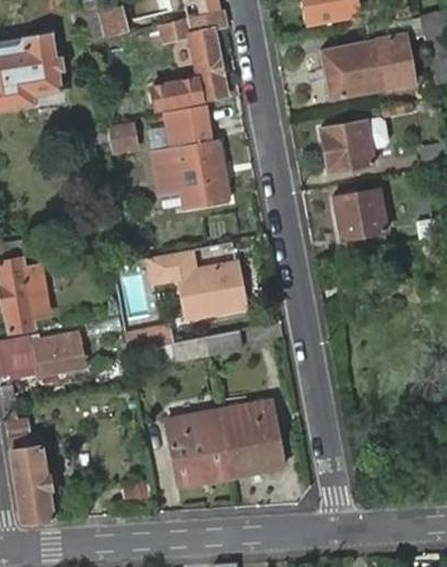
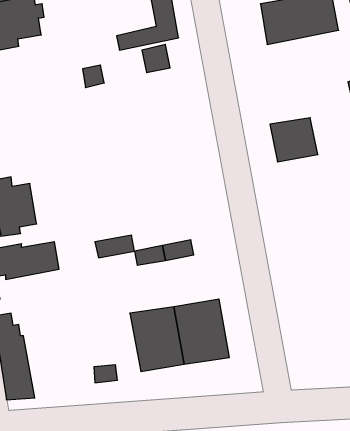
building: [321,121,375,173] -> none
building: [150,142,229,209] -> none
building: [149,250,243,317] -> none

